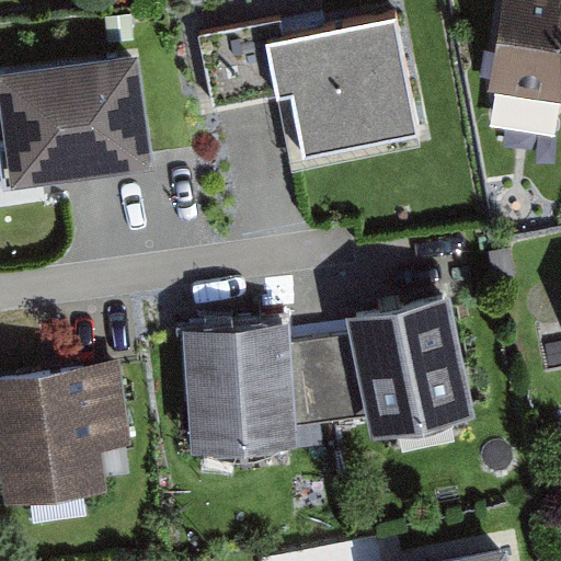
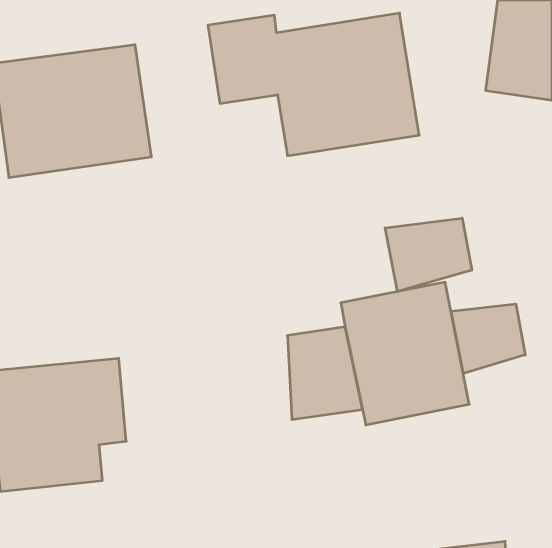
building: none -> [385,218,472,292]
building: none -> [451,304,525,374]
building: [181,323,295,454] -> none

